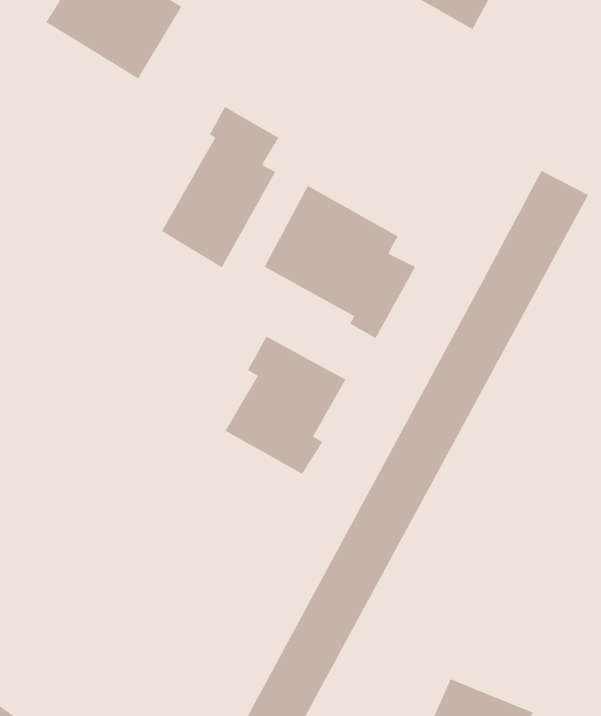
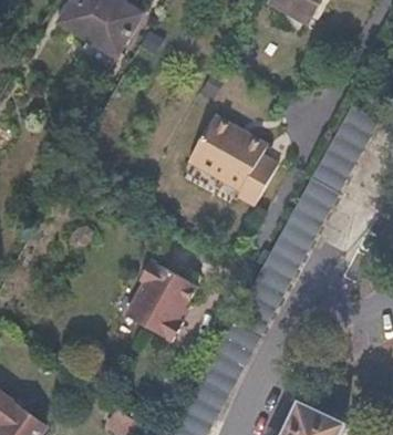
building: [161,106,279,268] -> none
building: [225,336,346,474] -> [126,260,197,341]

